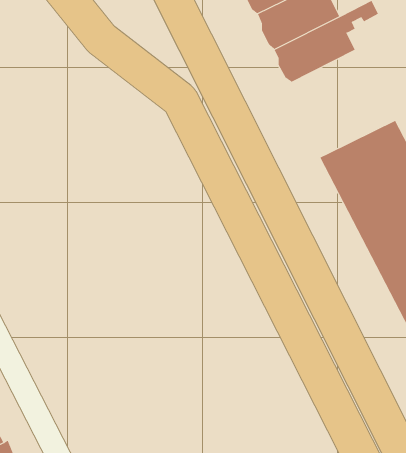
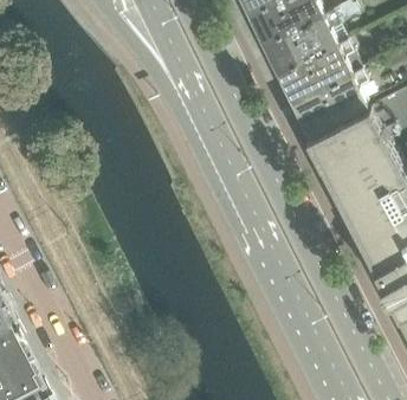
building: none -> [284,45,369,135]

